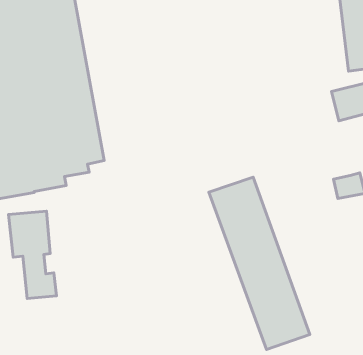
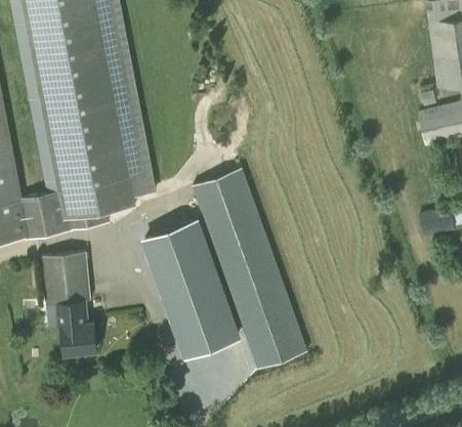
building: [209,177,310,350] -> [192,169,308,369]
building: none -> [142,223,234,357]

